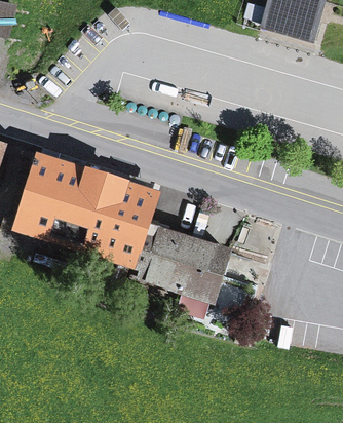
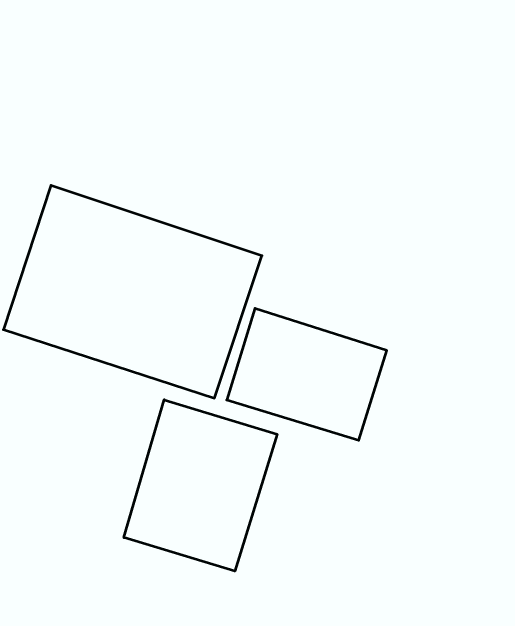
building: none -> [124,400,277,571]

